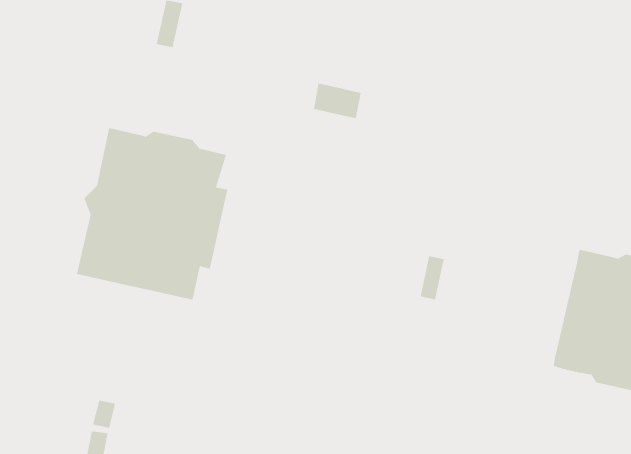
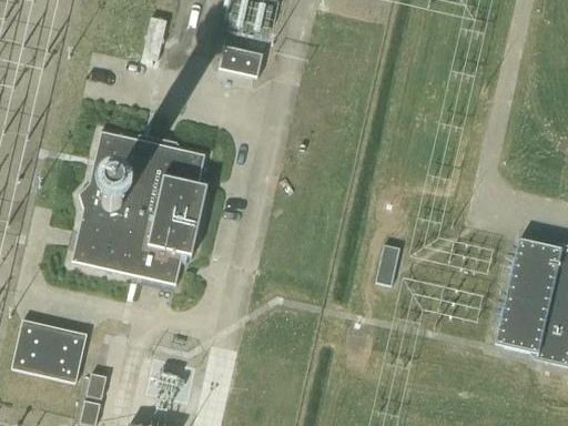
building: [313,83,362,119] -> [219,45,262,78]
building: none -> [11,320,87,383]

